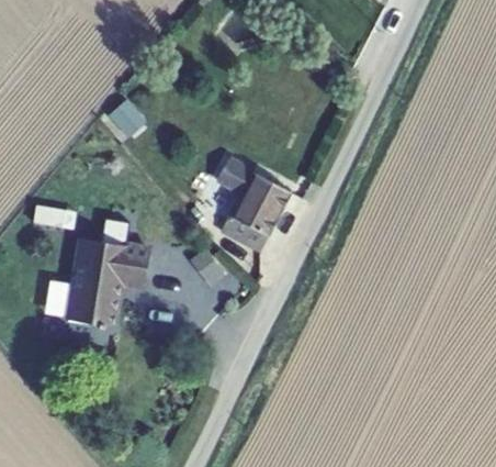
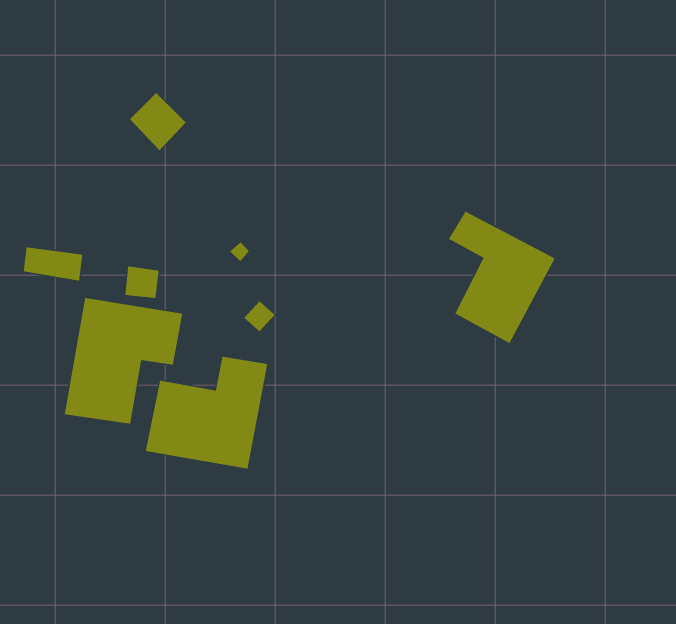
building: [214,160,289,253] -> [448,211,556,344]
building: none -> [145,356,268,469]

